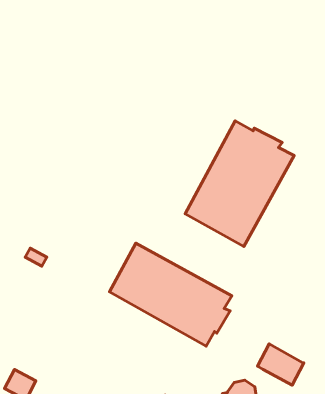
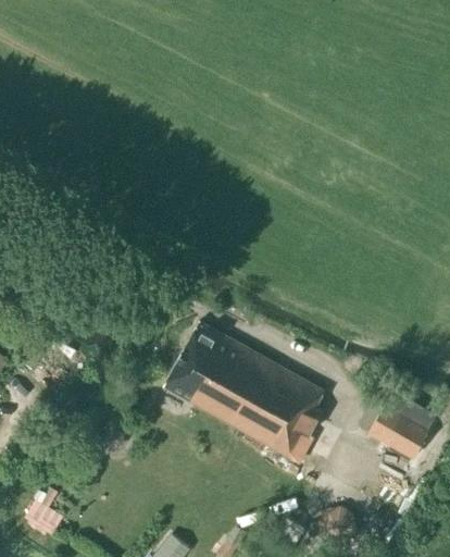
building: [185,121,294,247] -> none
building: [257,344,304,385] -> [370,401,430,456]

